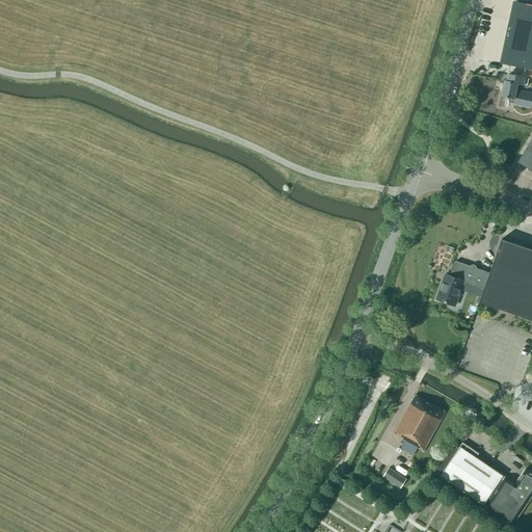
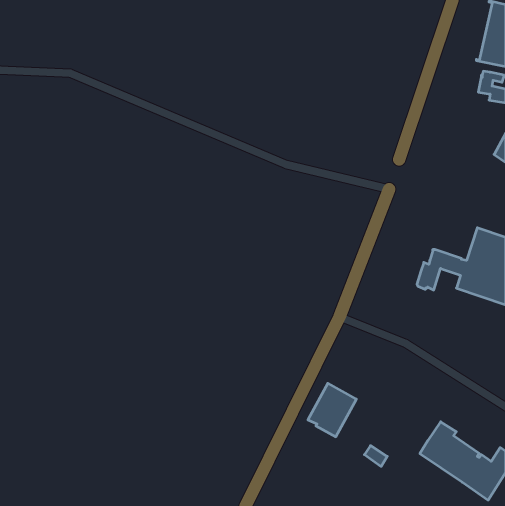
building: [395,395,446,451] -> [308,383,356,437]

